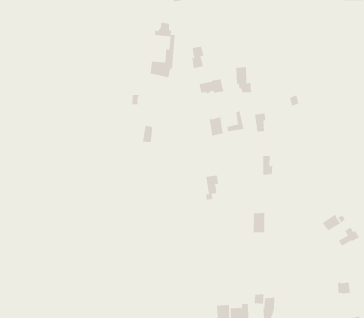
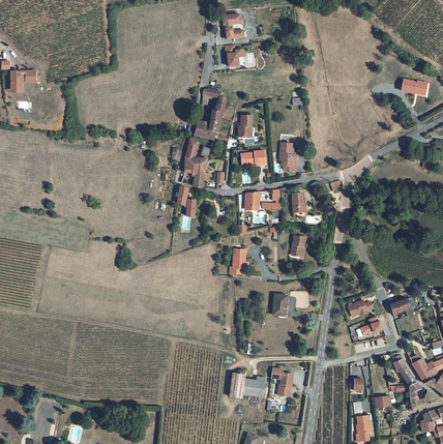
building: none -> [184,138,210,187]

